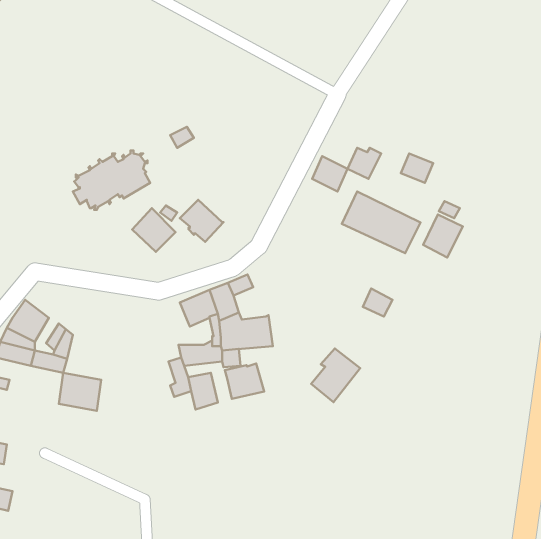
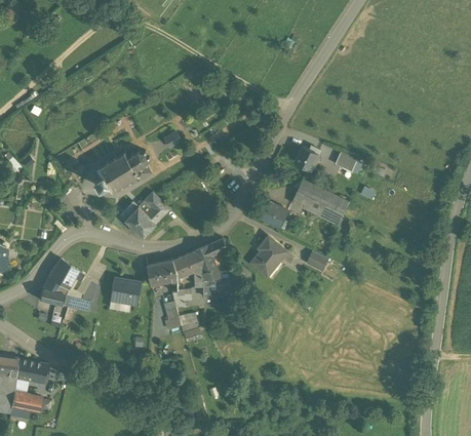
building: [312,156,347,191] -> [261,202,286,228]
building: [180,200,224,242] -> [124,207,156,238]
building: [423,215,463,258] -> none
building: none -> [146,261,178,285]
building: [311,349,360,402] -> [250,237,286,276]
building: [225,364,264,399] -> none
building: [59,373,101,411] -> [110,277,141,305]

